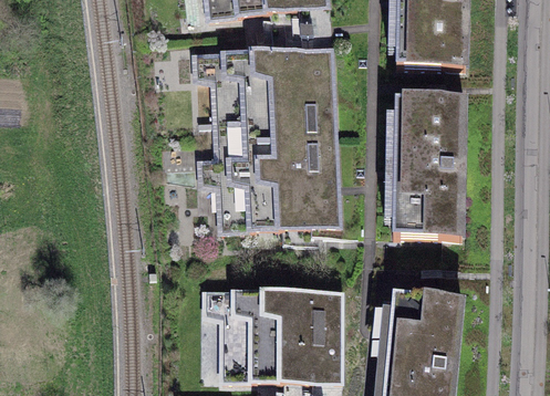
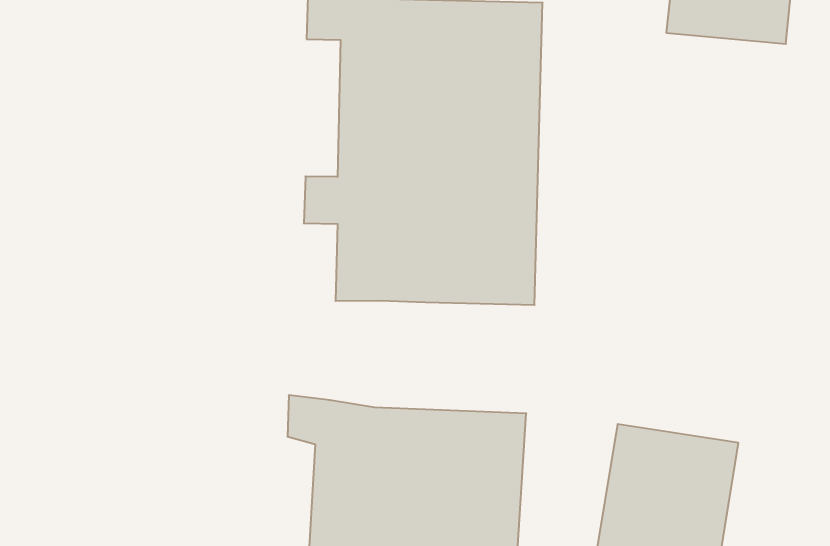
building: [394,93,468,235] -> none

